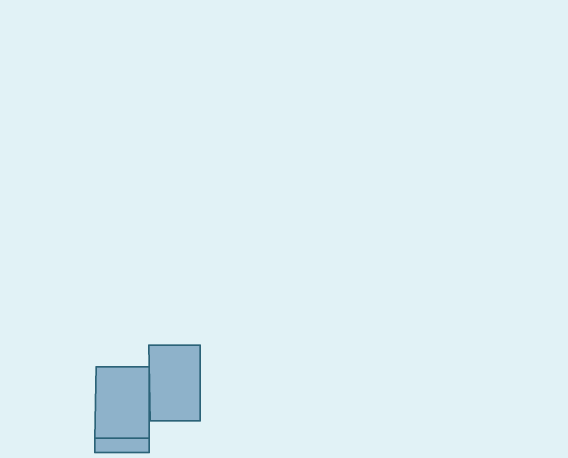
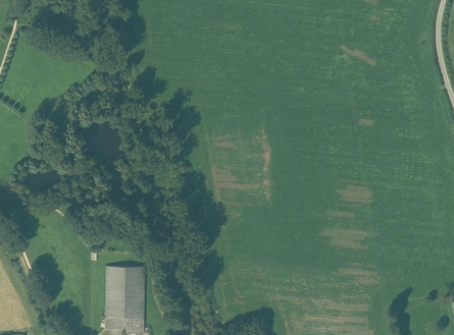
building: [149,345,200,421] -> none

